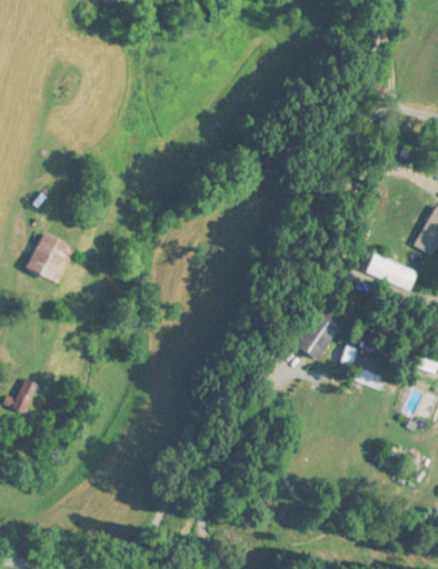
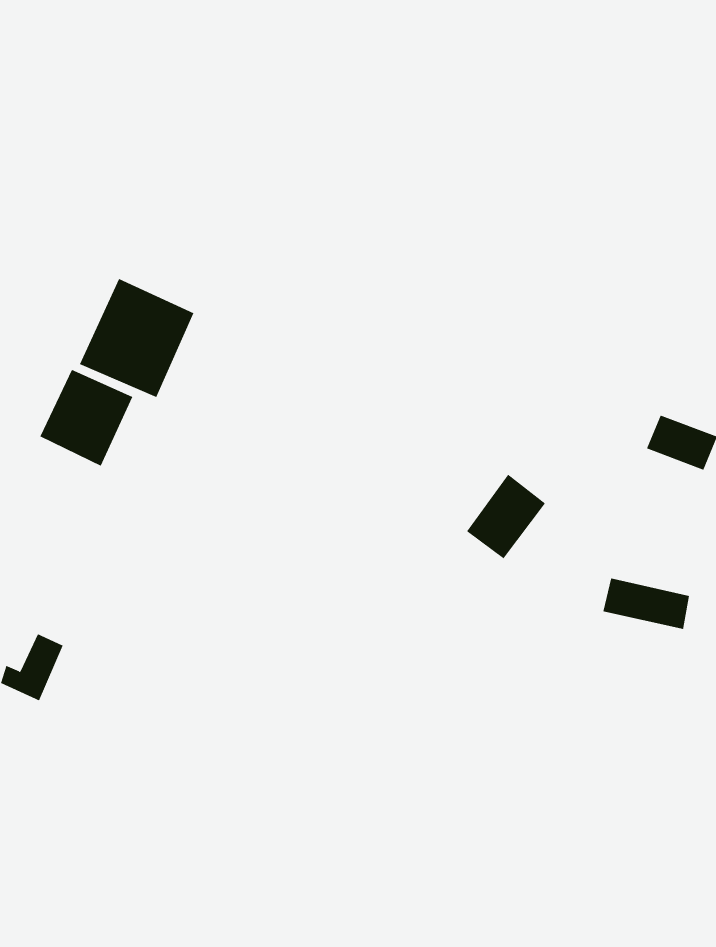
building: none -> [79,278,194,398]
building: [293,311,338,359] -> [466,474,546,559]

